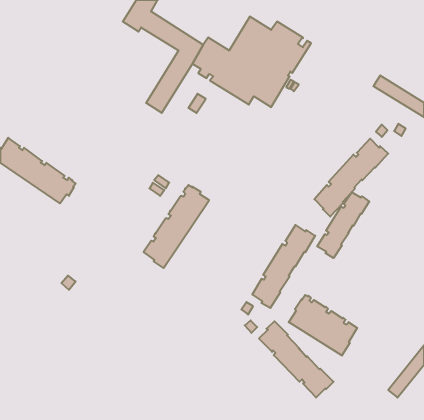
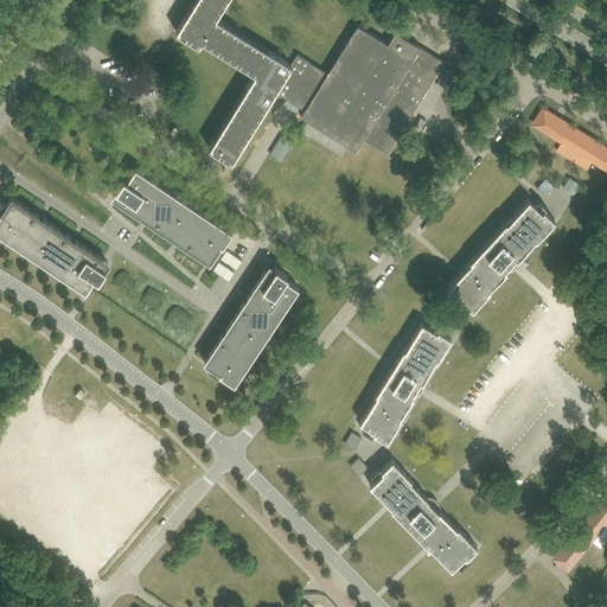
building: none -> [113,172,232,266]
building: [317,192,369,258] -> none
building: [289,295,357,356] -> none

